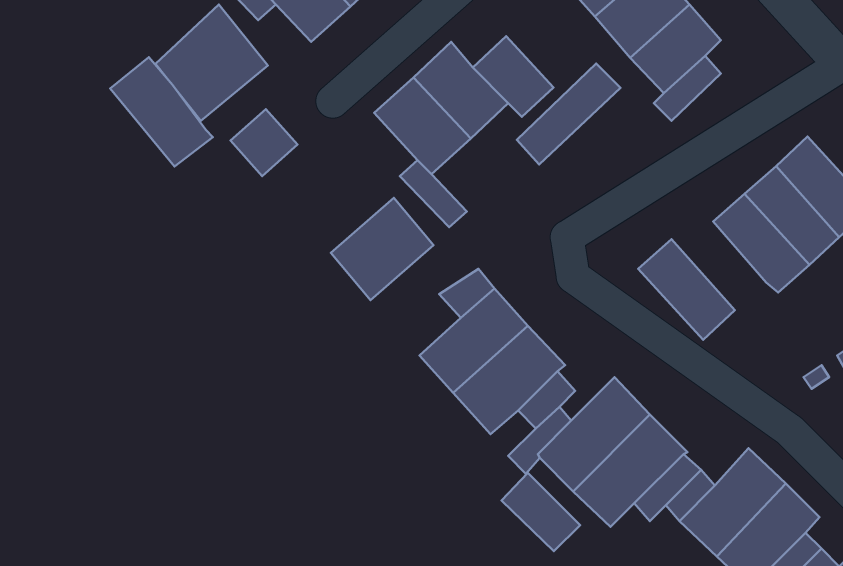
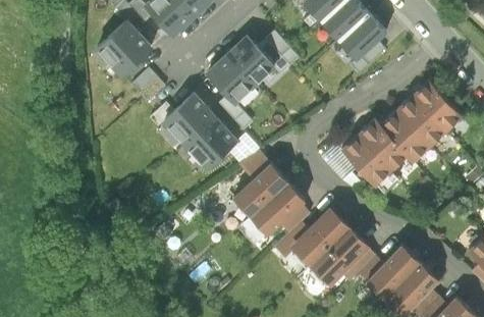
building: [110,57,213,167] -> none
building: [517,64,620,164] -> none
building: none -> [161,89,216,143]
building: none -> [360,121,409,172]
building: [501,473,580,551] -> none

